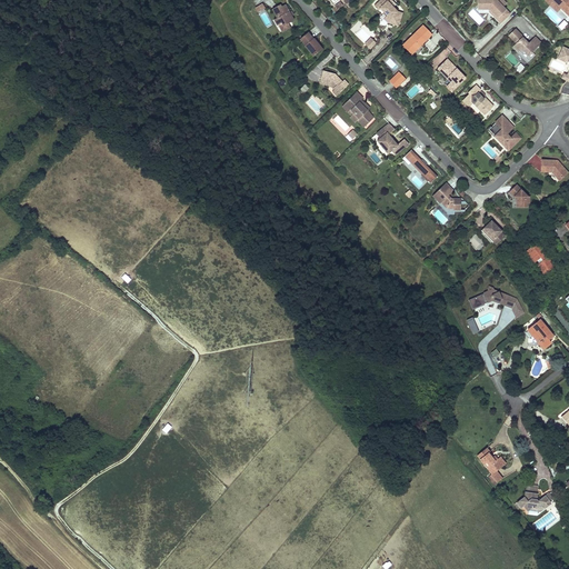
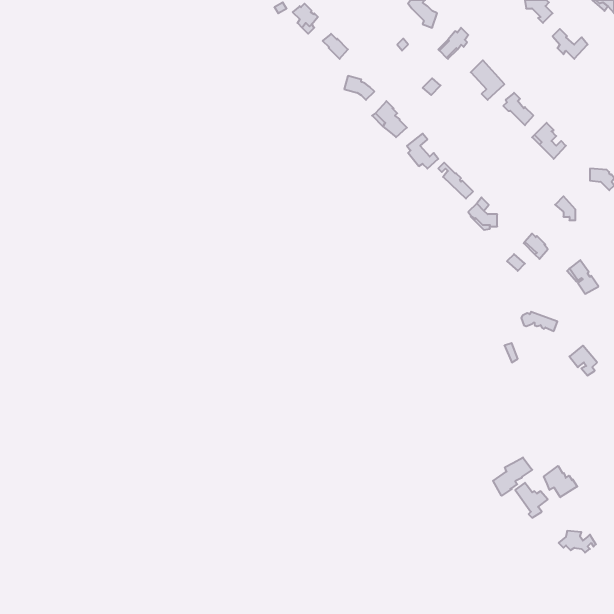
building: none -> [493,457,532,496]
building: none -> [544,466,577,497]

